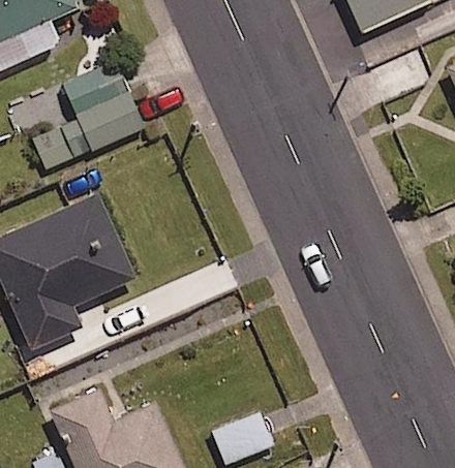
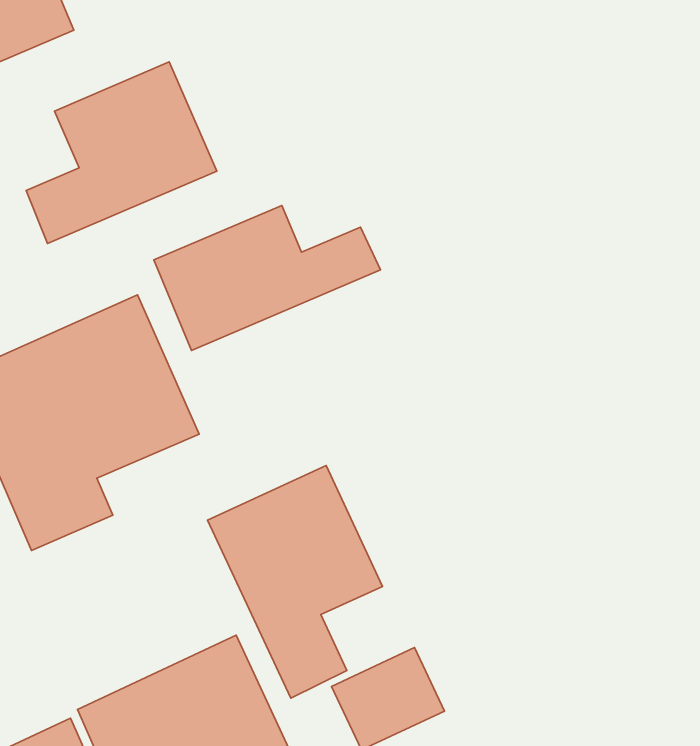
building: none -> [154,205,380,350]
building: none -> [207,466,382,698]

